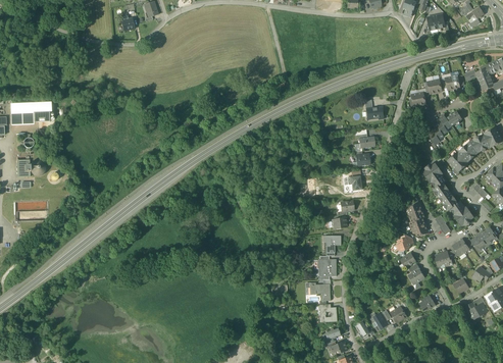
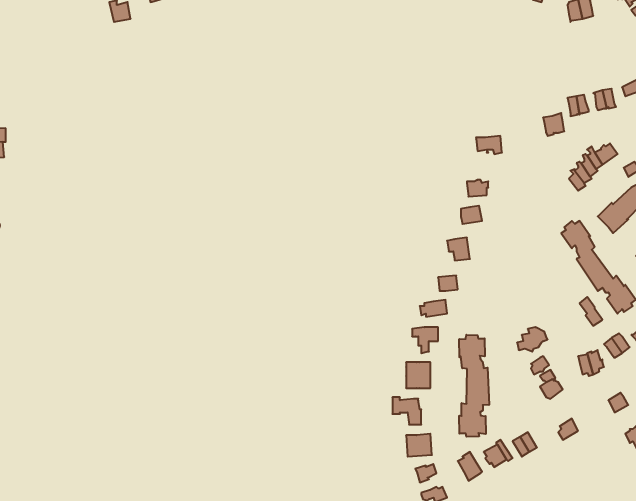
building: [407,202,427,235] -> none
building: none -> [459,335,489,437]

